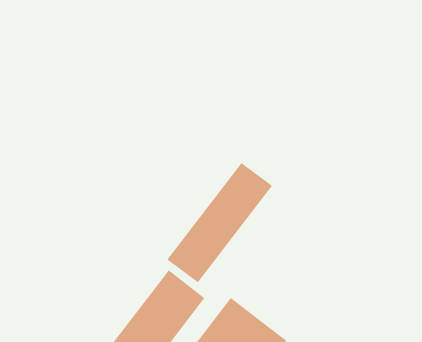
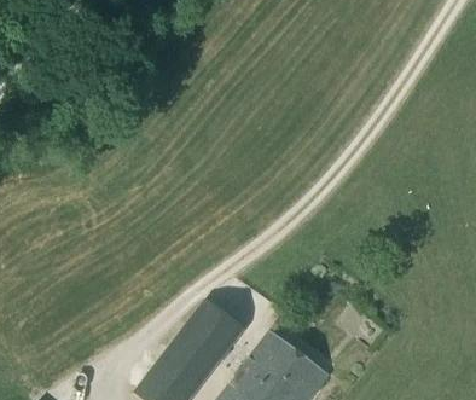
building: [166,162,273,283] -> none

